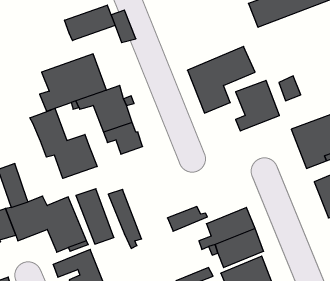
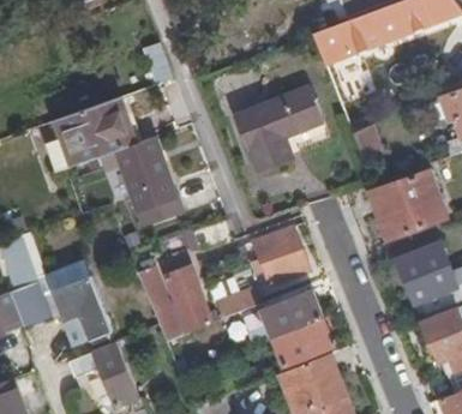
building: [65,5,115,41] -> none
building: [236,80,279,131] -> [253,226,308,289]
building: [30,108,97,178] -> none
building: [76,189,114,244] -> [163,262,211,331]

